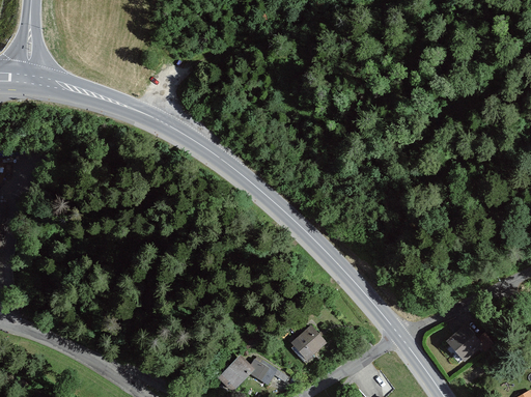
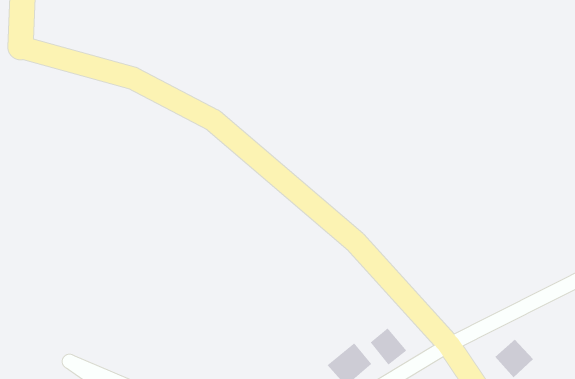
building: none -> [370,328,407,366]

